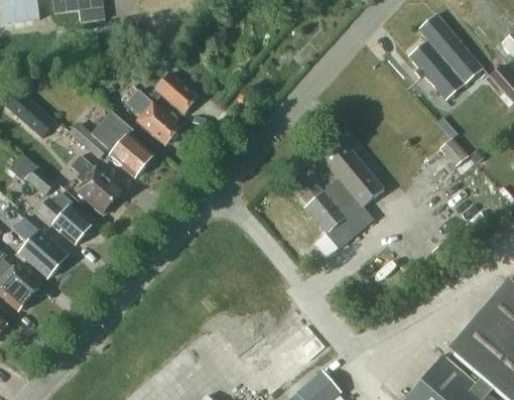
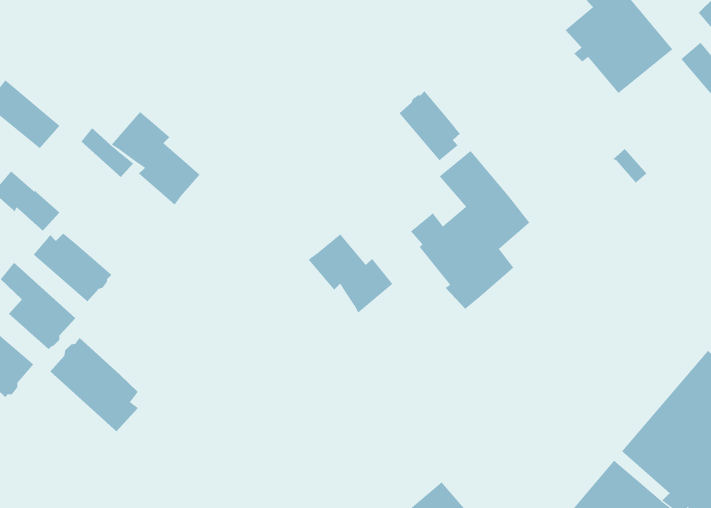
building: [128,73,198,145] -> none
building: none -> [399,91,460,161]
building: [71,154,124,215] -> none
building: none -> [308,233,393,313]
building: none -> [49,337,139,432]

